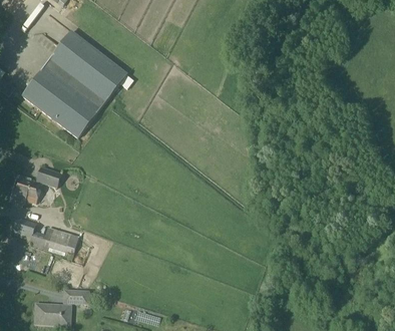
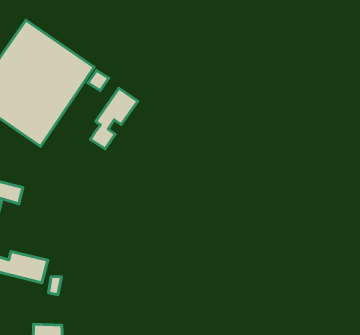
building: none -> [91,88,138,149]

